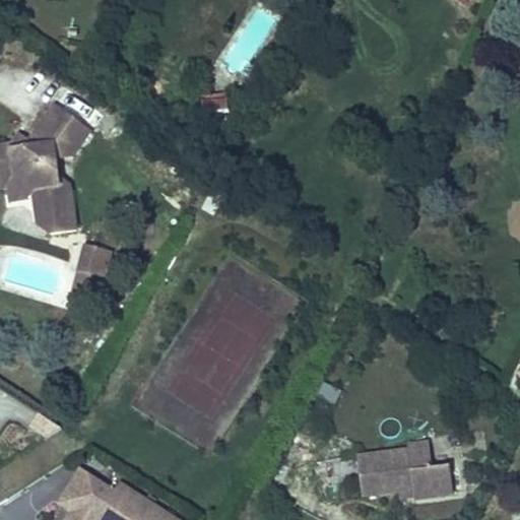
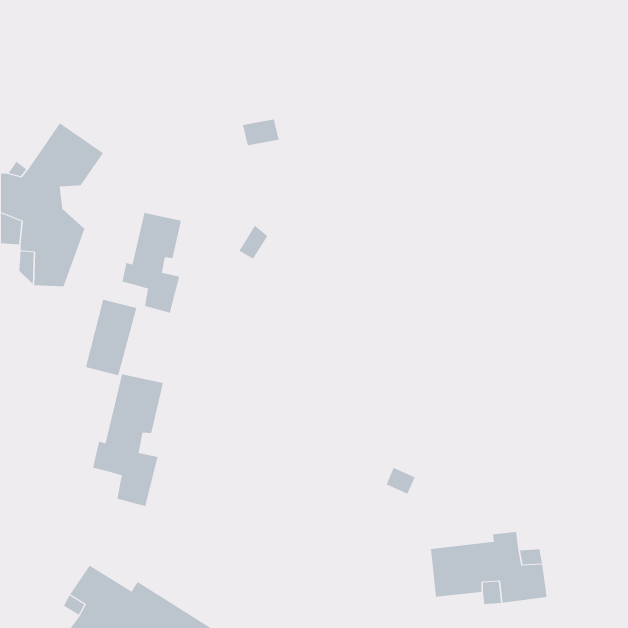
building: none -> [122,212,182,313]
building: none -> [93,374,164,507]

